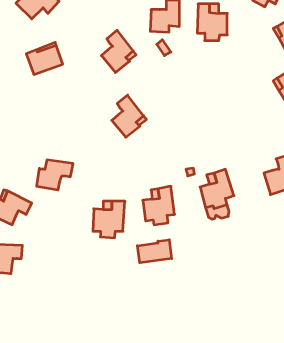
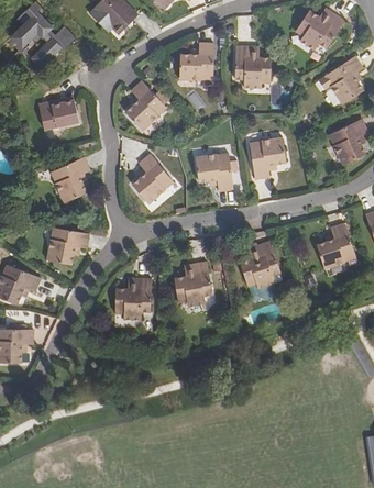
building: none -> [250,136,285,178]
building: none -> [196,155,232,192]
building: none -> [53,156,88,199]
building: [137,240,172,263] -> none

